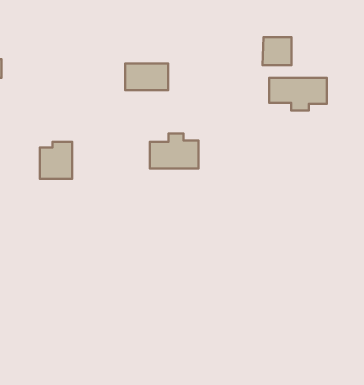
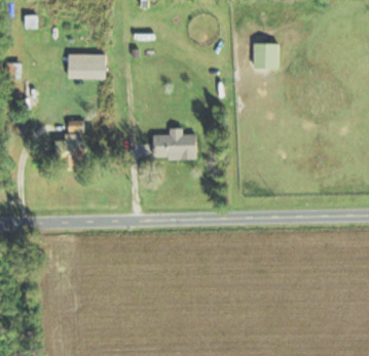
building: [125,64,168,90] -> [68,54,106,78]
building: [269,78,327,110] -> none

